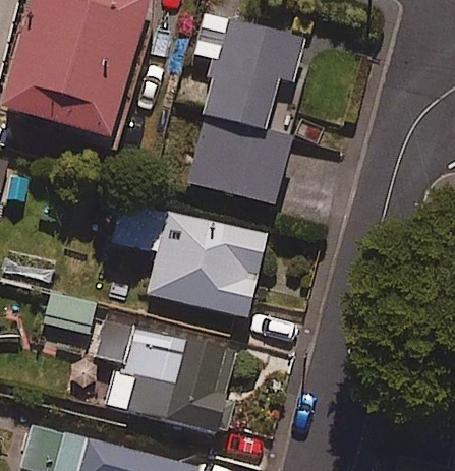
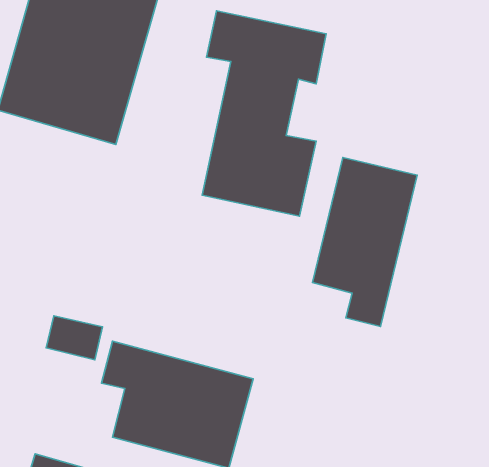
building: none -> [312,157,417,326]
building: [114,202,266,318] -> none

